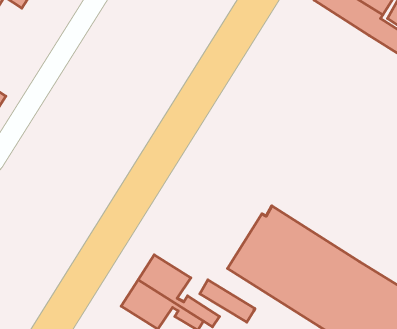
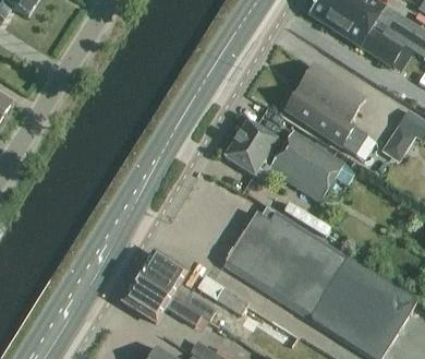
building: none -> [284,63,367,153]
building: none -> [223,118,344,201]

